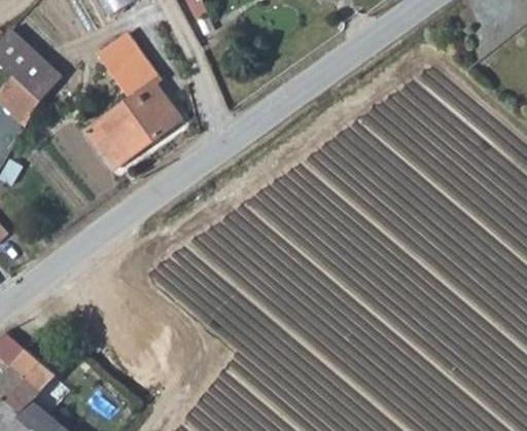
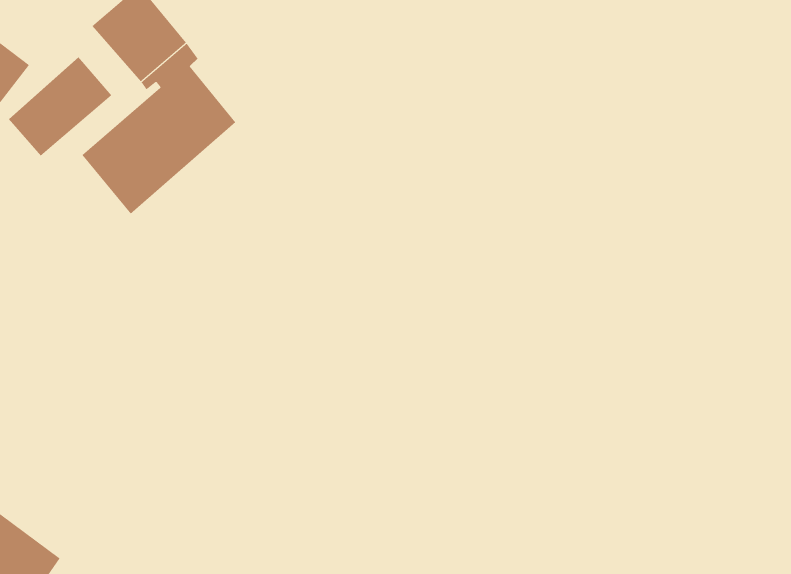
building: none -> [8,57,112,156]

